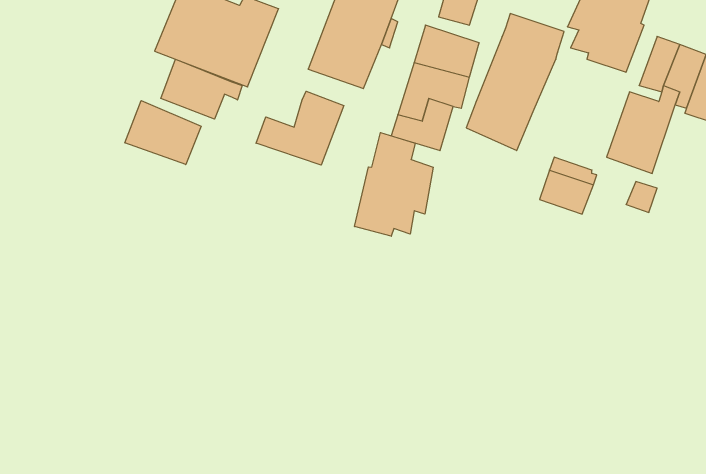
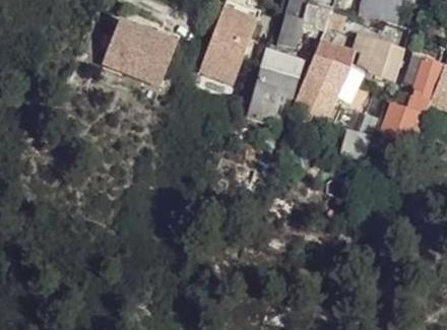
building: [161,59,242,119] -> none
building: [256,91,344,165] -> none
building: [125,101,201,165] -> none
building: [355,133,433,236] -> none

